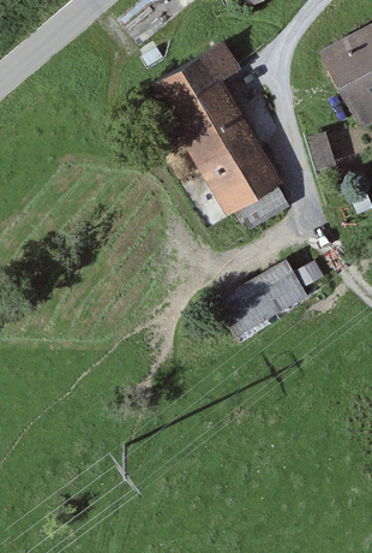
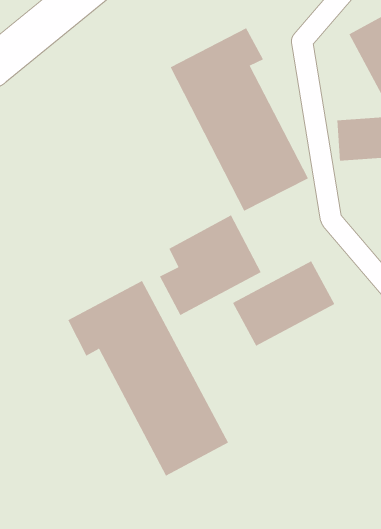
building: none -> [159,215,261,316]
building: none -> [67,280,229,477]

